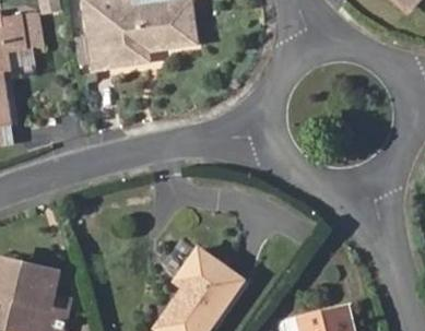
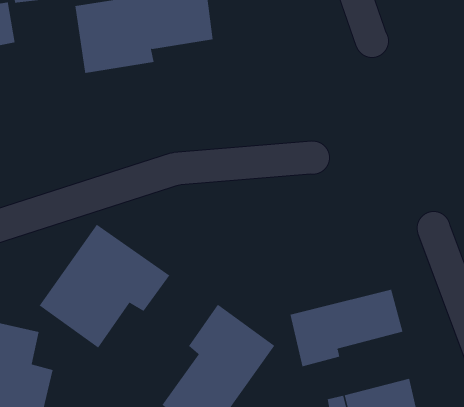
building: none -> [39,224,170,349]
building: none -> [290,289,403,367]

